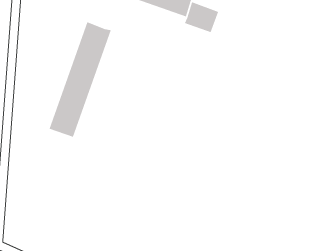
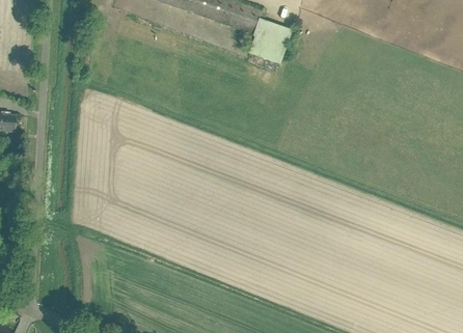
building: [48,21,112,138] -> none

